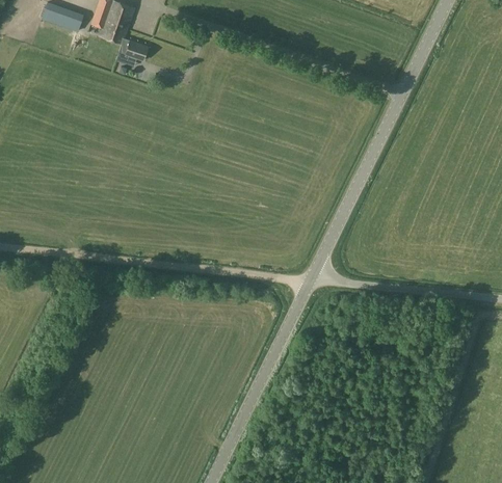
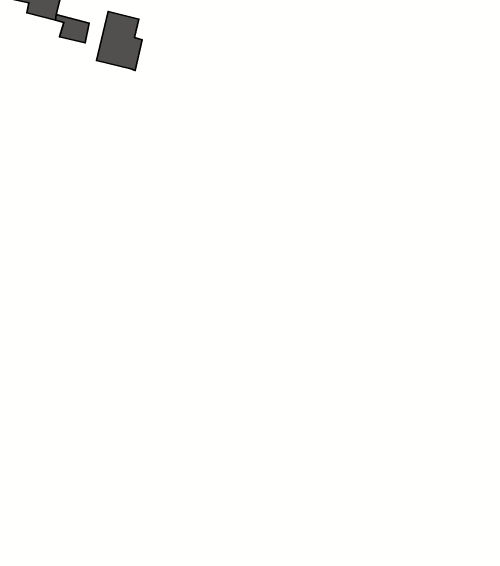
building: none -> [96,12,142,70]

